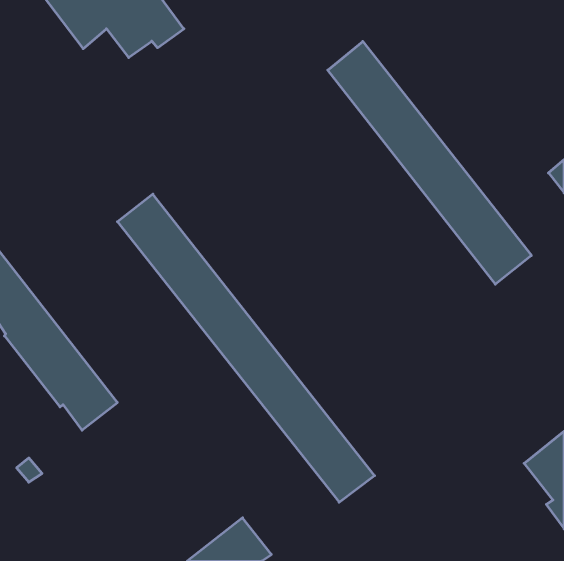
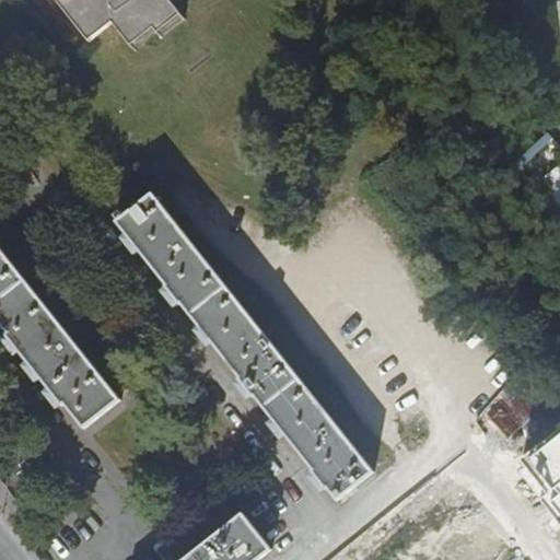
building: [328,41,531,284] -> none

